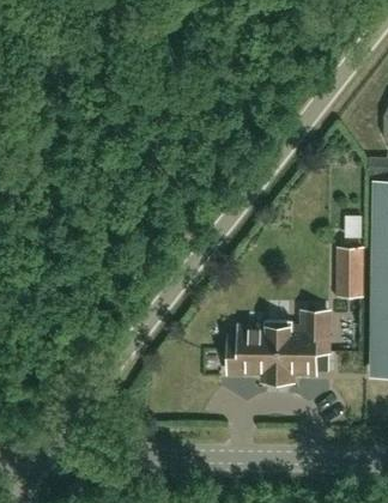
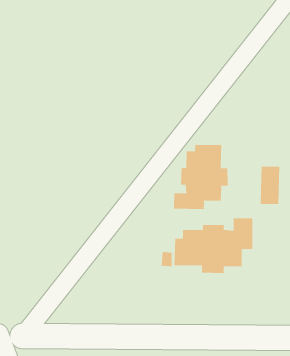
building: none -> [173,144,228,210]

